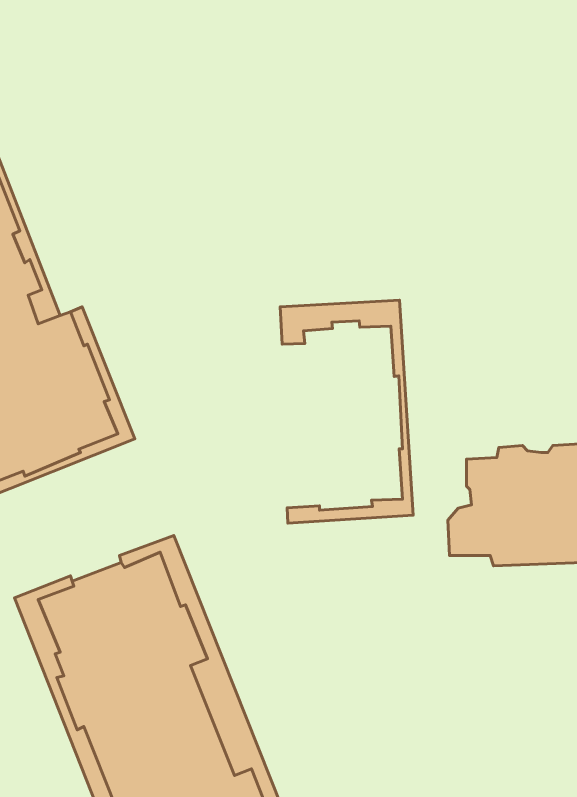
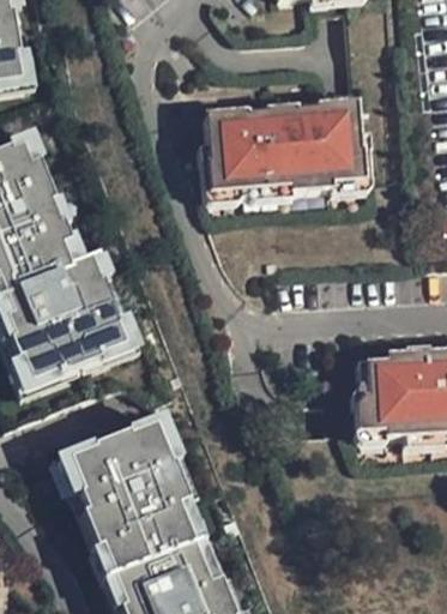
building: none -> [204,103,361,193]
building: [280,300,413,523] -> none

